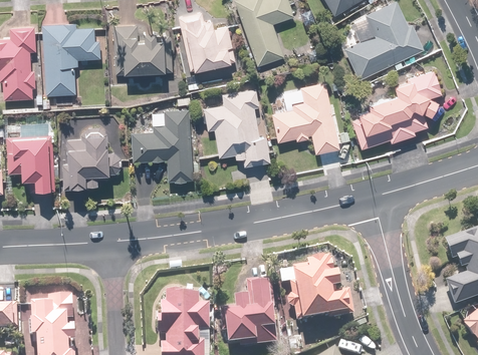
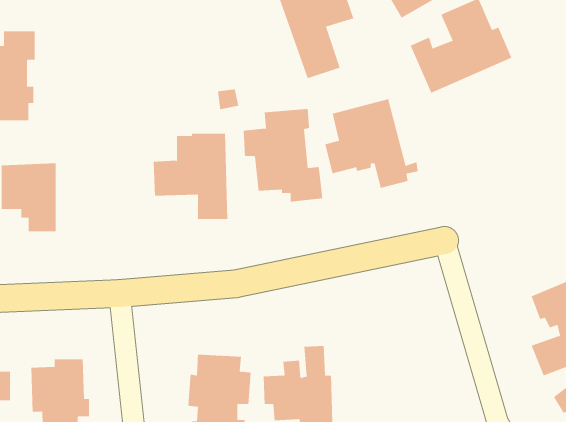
building: [178,11,235,70] -> none
building: [43,22,100,95] -> none
building: [113,24,168,74] -> none
building: [352,69,442,148] -> none
building: [62,132,110,188] -> none
building: [286,256,354,321] -> none

